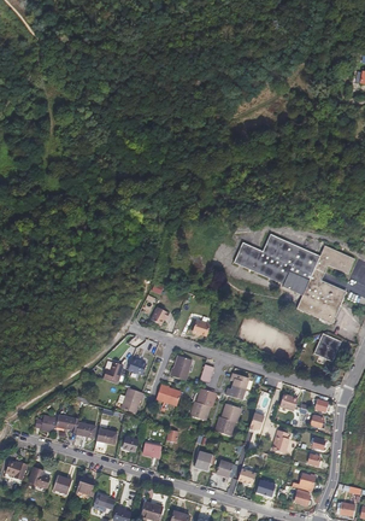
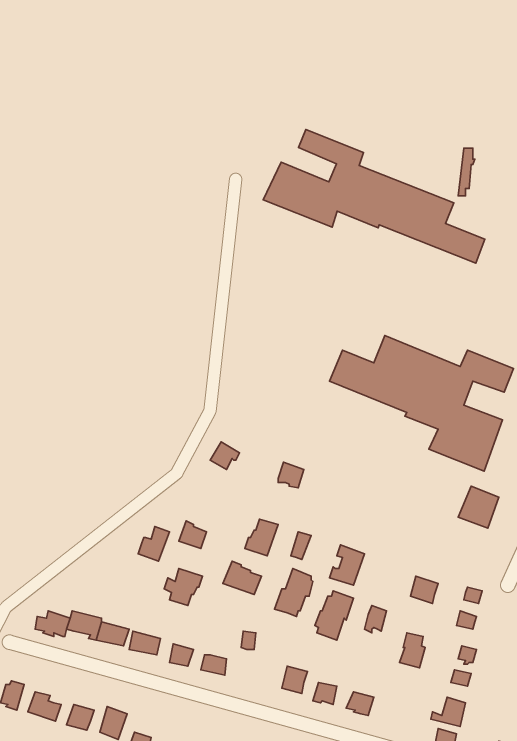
building: none -> [263,130,485,263]

